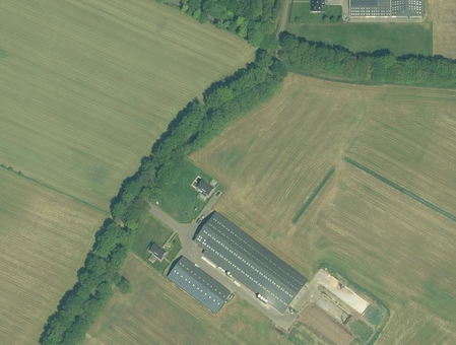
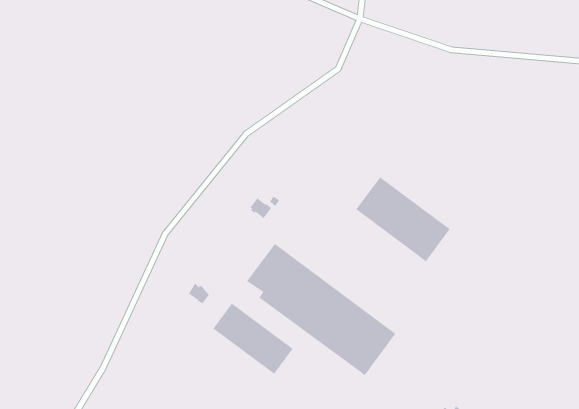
building: none -> [355,176,451,262]

